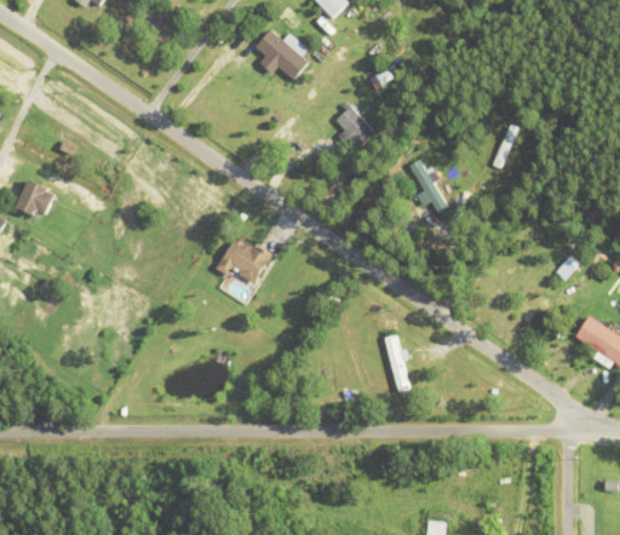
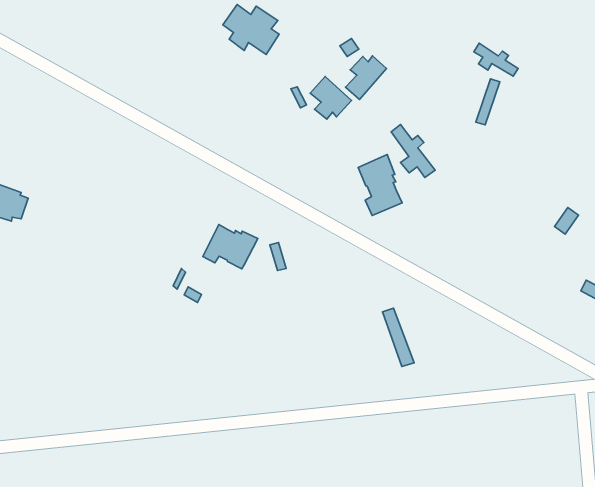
building: none -> [474,43,518,76]
building: none -> [345,56,387,100]
building: none -> [358,155,402,215]

